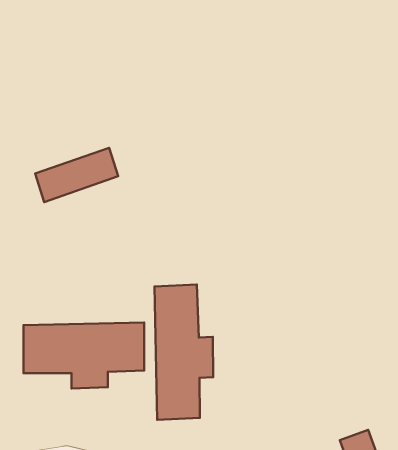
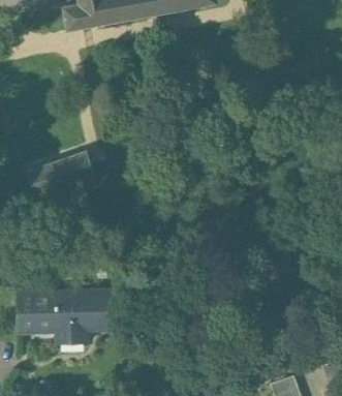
building: [154,284,213,420] -> none

